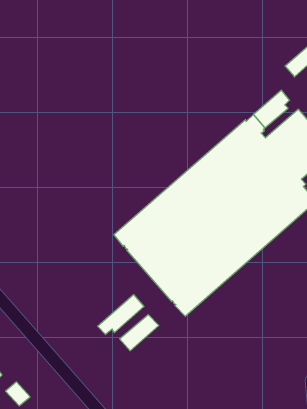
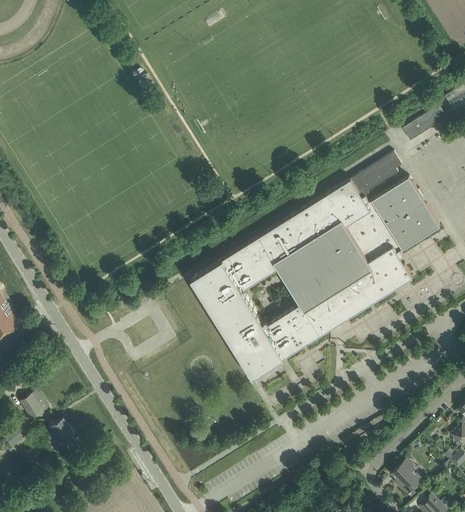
building: [98,295,144,335] -> none
building: [120,315,159,351] -> none

